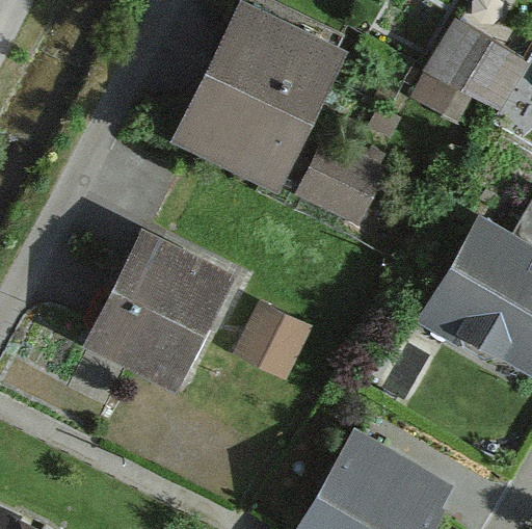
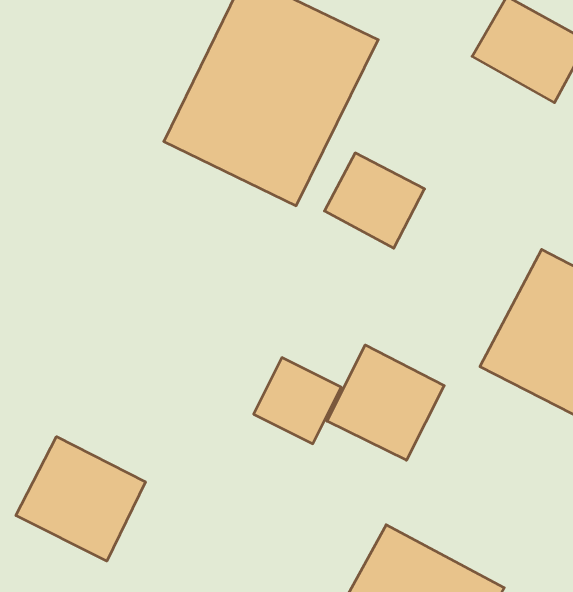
building: [85,232,231,387] -> none
building: none -> [327,345,444,460]
building: none -> [16,437,145,561]

